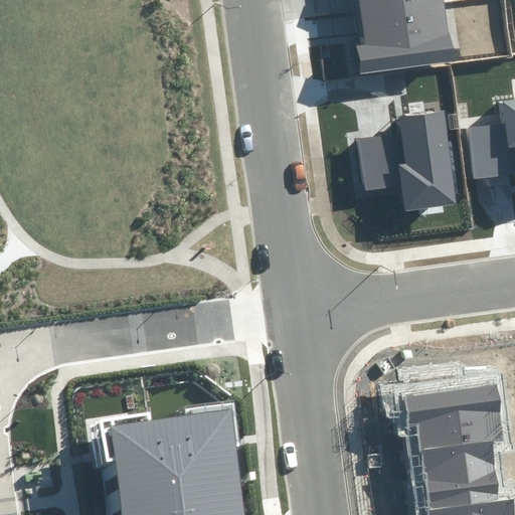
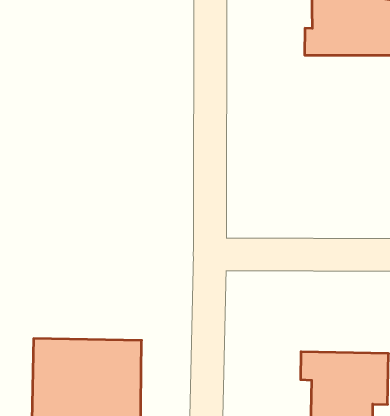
building: [359,112,458,211] -> none

